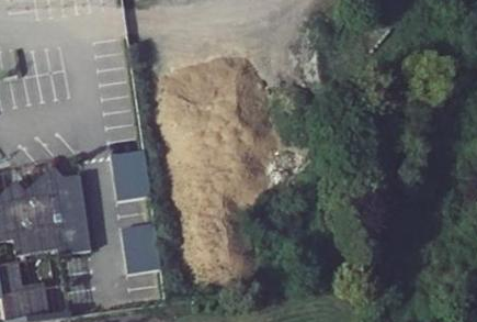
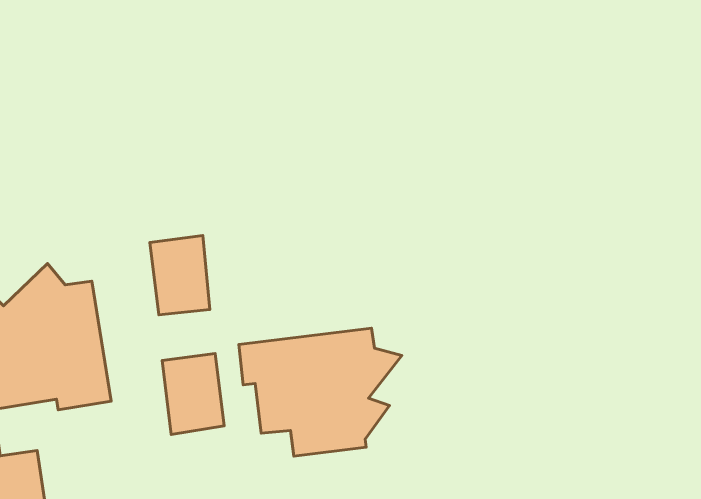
building: none -> [239,328,402,456]

